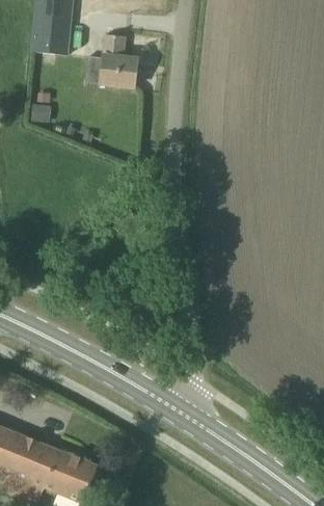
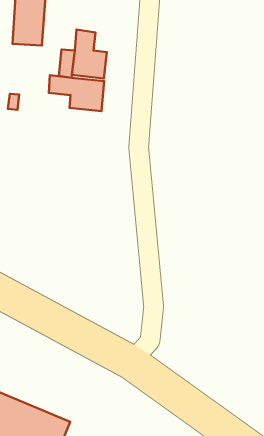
building: none -> [49,75,104,111]

